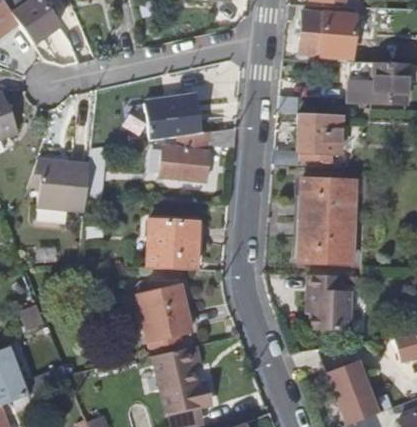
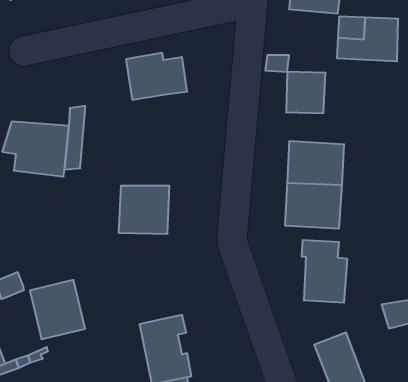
building: [161,126,238,181] -> none
building: [138,283,191,340] -> [30,280,85,339]

